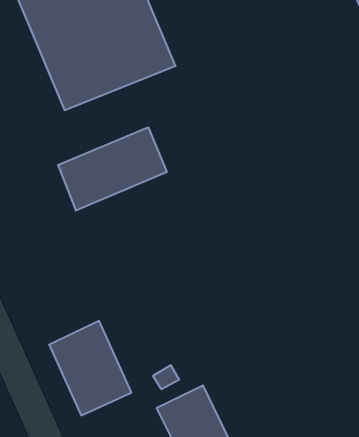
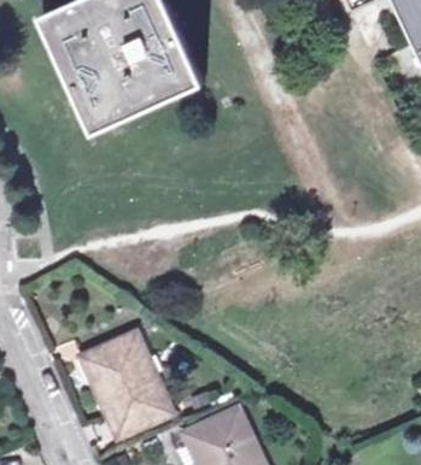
building: [58,127,167,211] -> none

